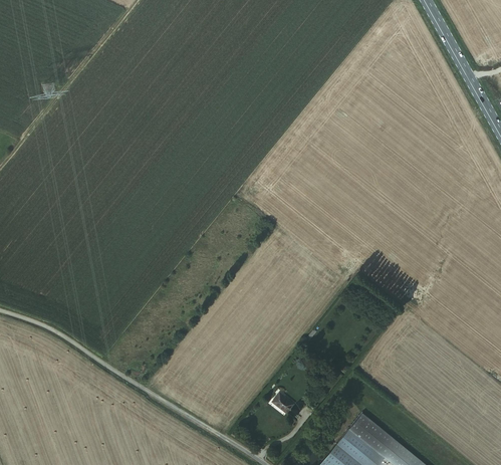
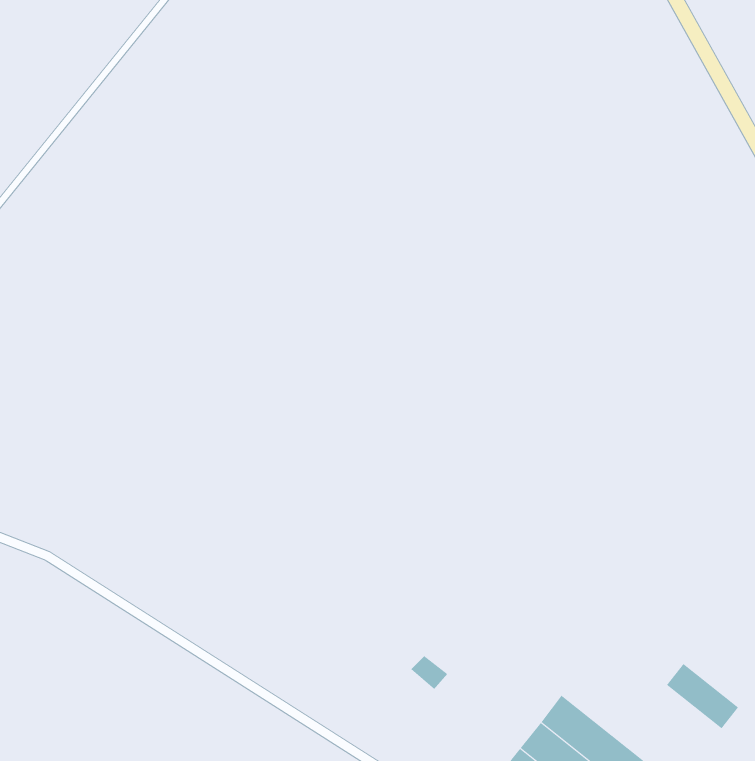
building: none -> [666,663,739,729]

